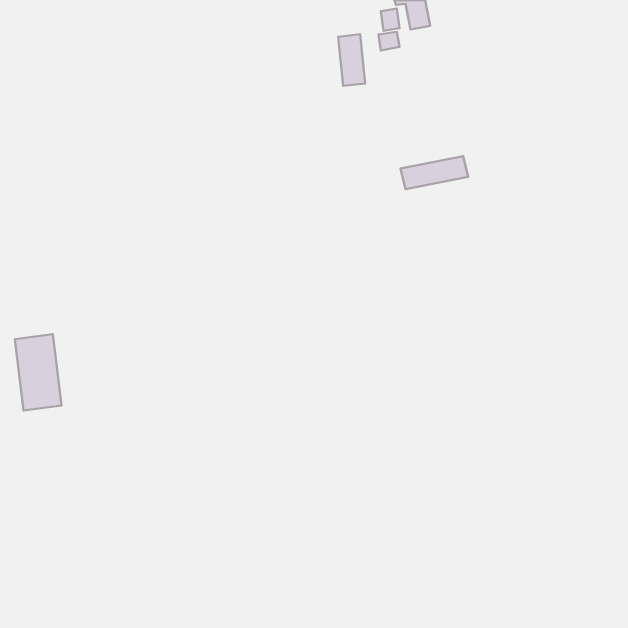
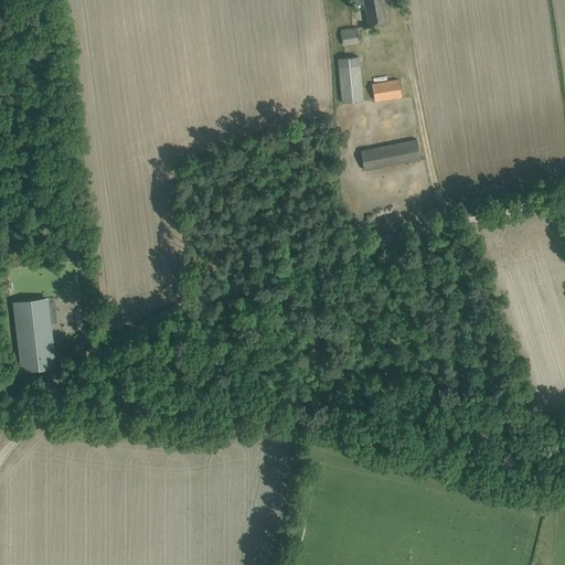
building: [338,34,365,86] -> [338,56,362,103]
building: none -> [371,79,401,100]

